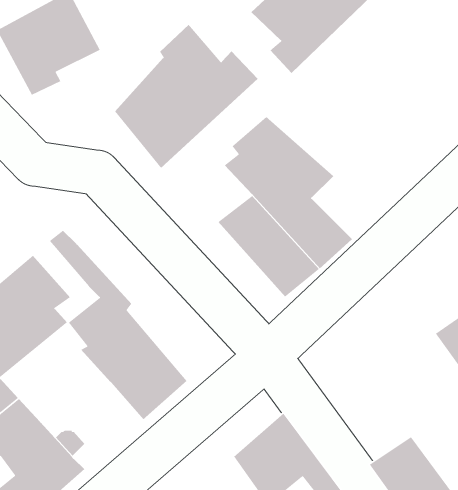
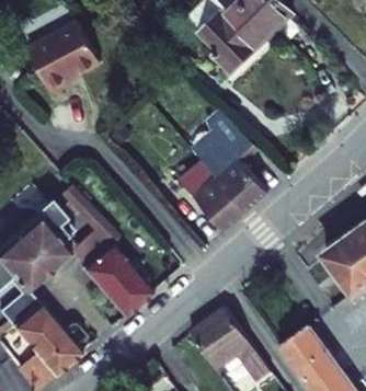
building: [114,24,258,169] -> none

